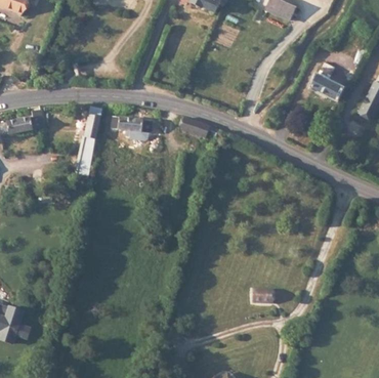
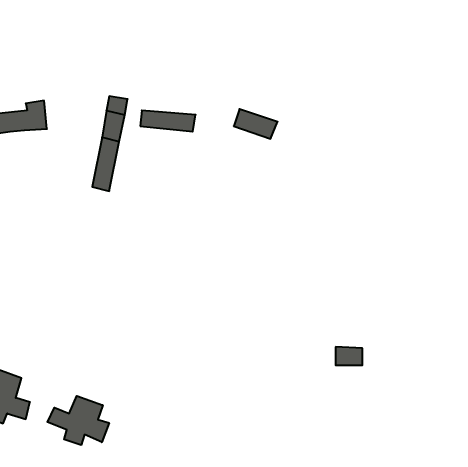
building: [314,64,343,100] -> none
building: none -> [47,396,109,445]

